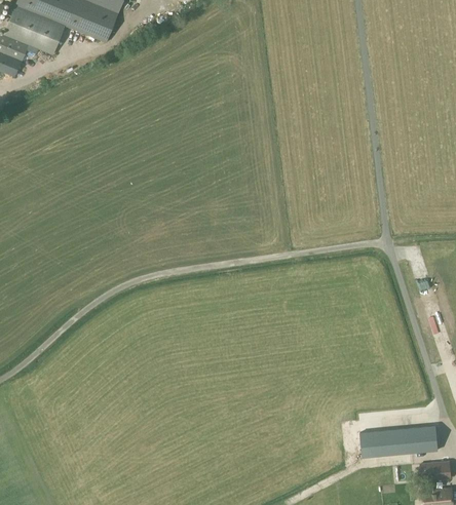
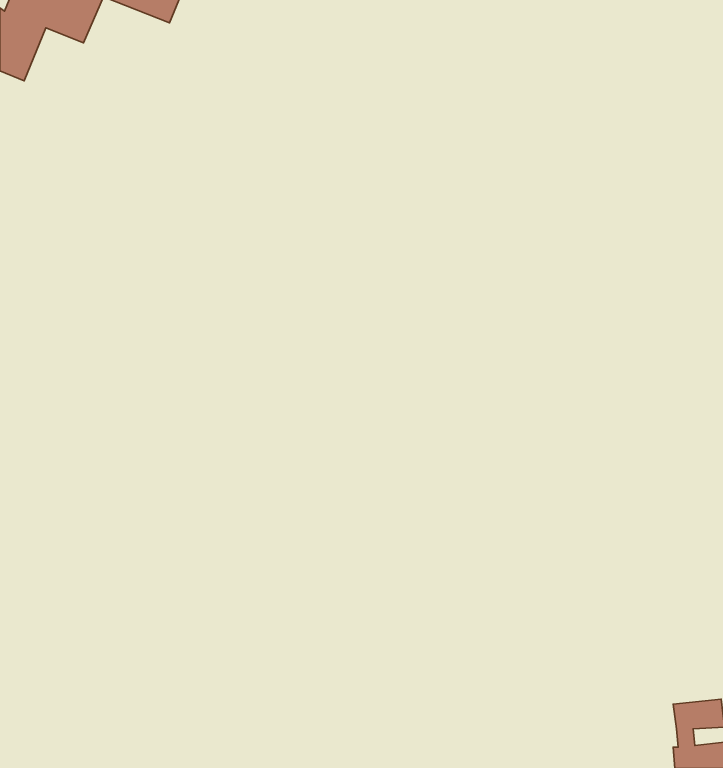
building: [360,425,439,457] -> none

